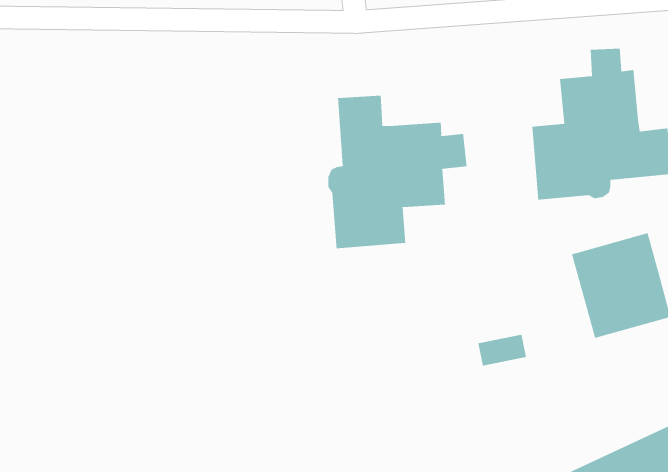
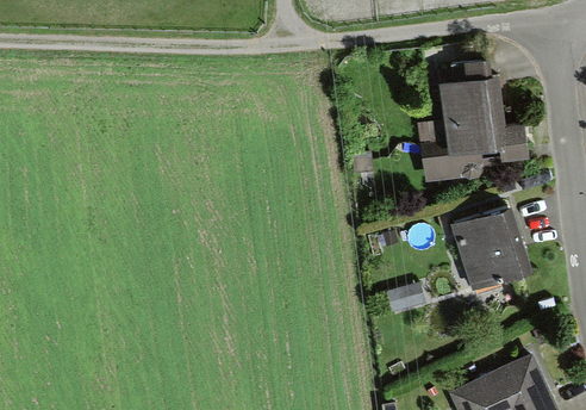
building: [328,95,467,249] -> none

